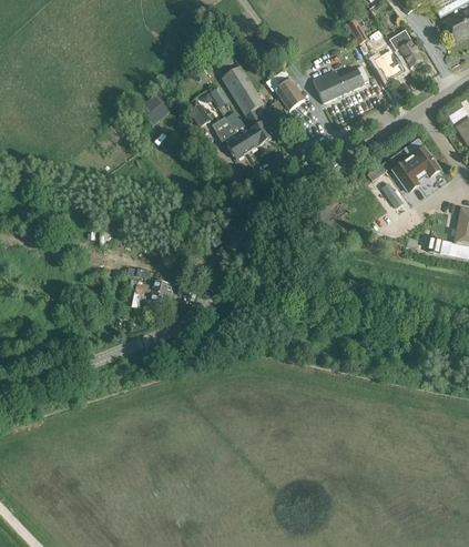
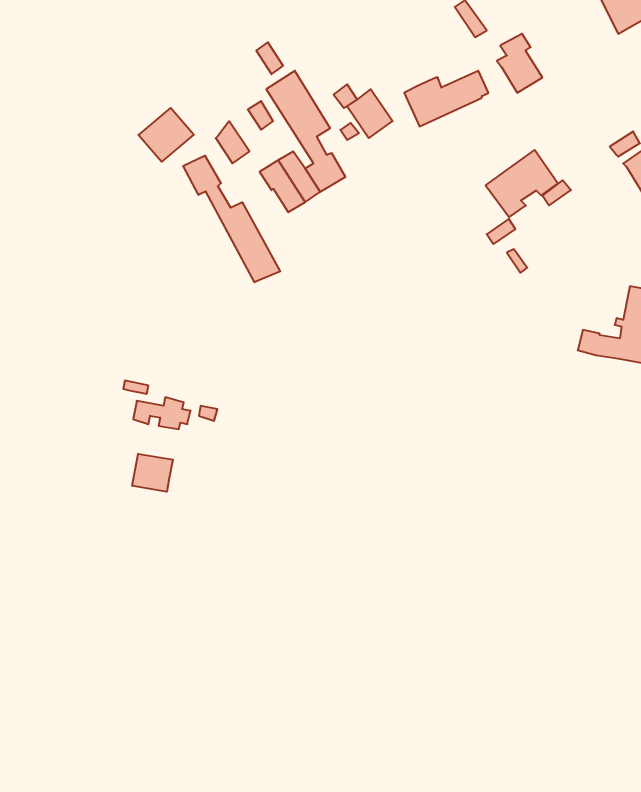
building: [388,29,421,67] -> none
building: none -> [183,156,280,282]
building: [391,146,439,191] -> [486,150,558,217]
building: none -> [132,454,173,492]

